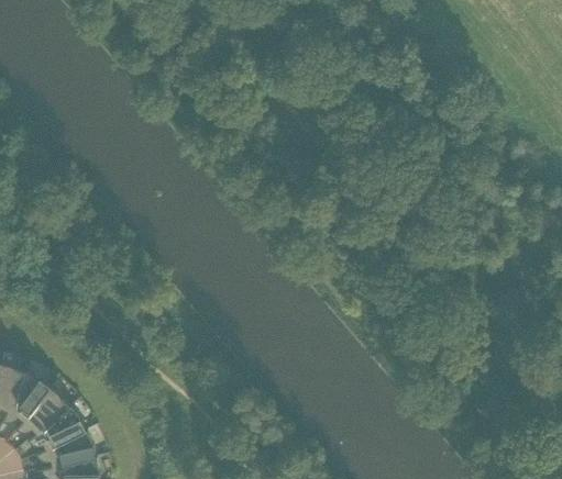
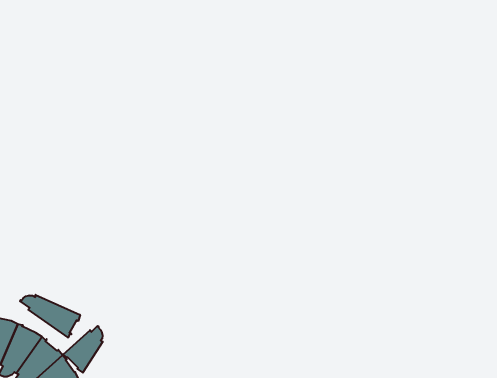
building: none -> [20,295,80,338]
building: none -> [63,326,103,373]

